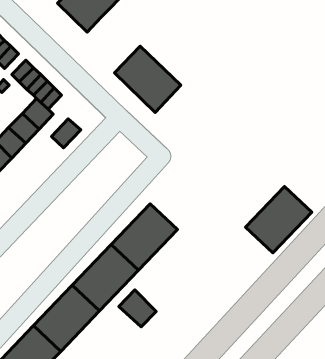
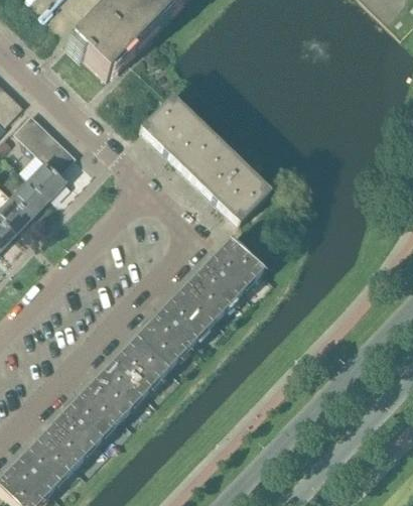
building: none -> [190,142,271,223]
building: [51,119,81,148] -> none
building: [246,186,312,253] -> [184,237,265,318]
building: [119,290,156,327] -> none

